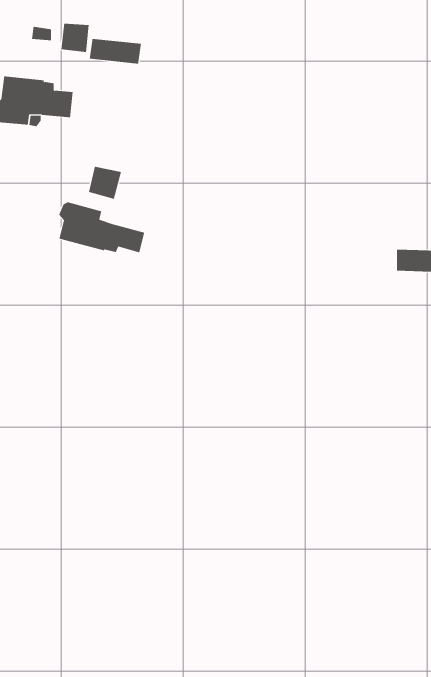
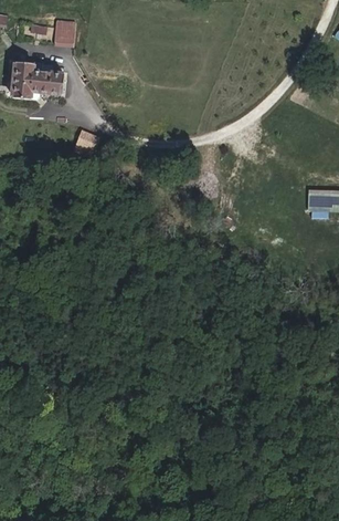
building: [89,38,141,64] -> none
building: [59,202,145,253] -> none

